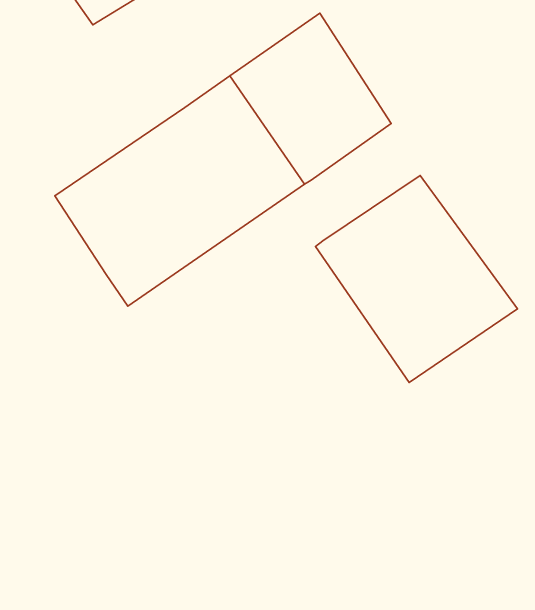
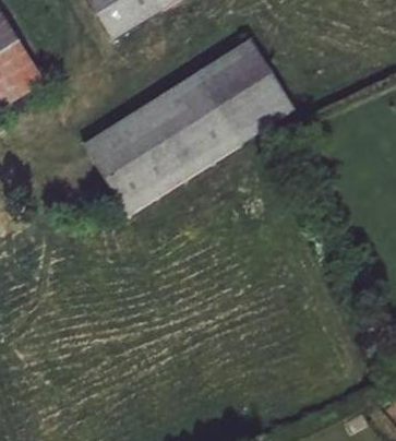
building: [316,176,518,382] -> none

